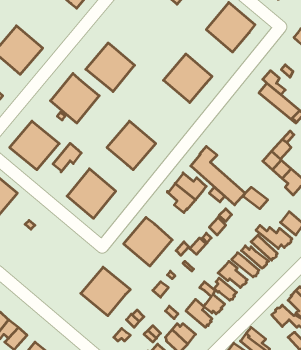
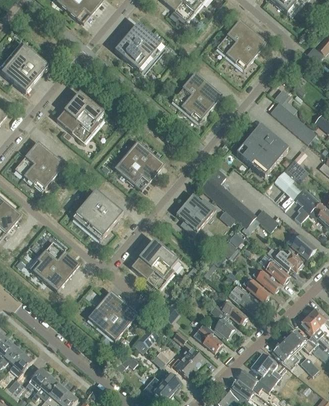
building: [86,43,135,92] -> [114,24,164,74]
building: none -> [238,127,287,176]
building: [53,143,81,172] -> none
building: none -> [30,241,80,291]
building: none -> [273,340,299,370]

